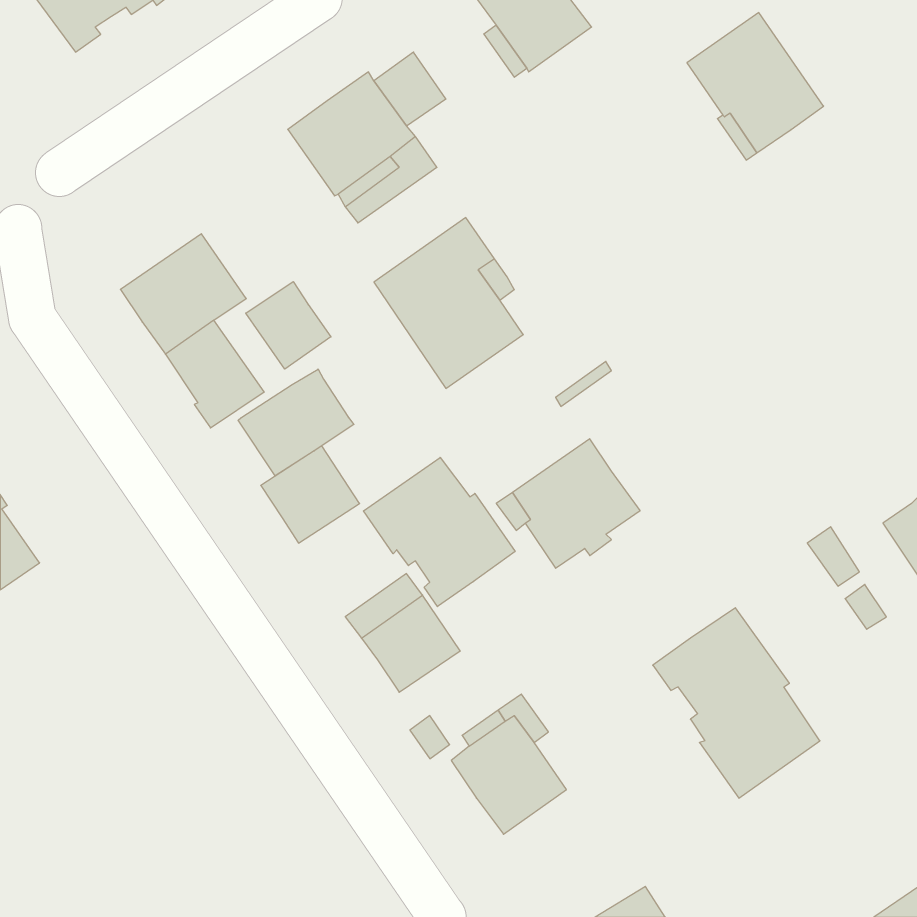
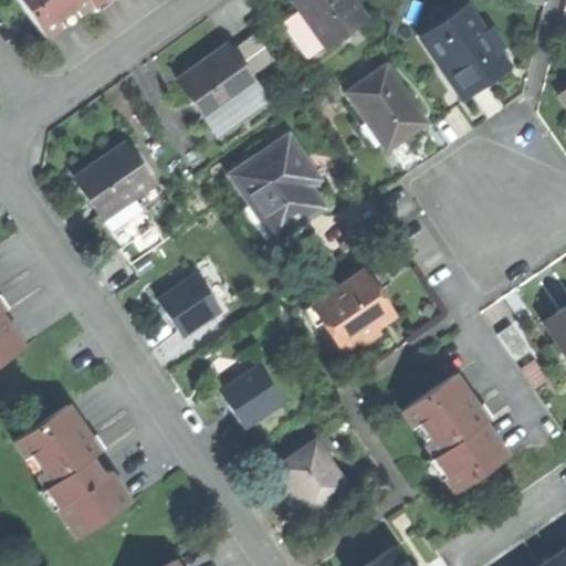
building: none -> [348,64,424,148]
building: [246,282,331,369] -> none
building: [238,369,354,476] -> none
building: [363,457,515,607] -> none
building: none -> [18,405,132,536]

